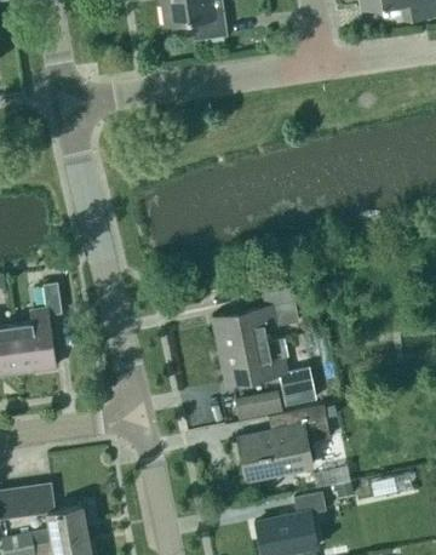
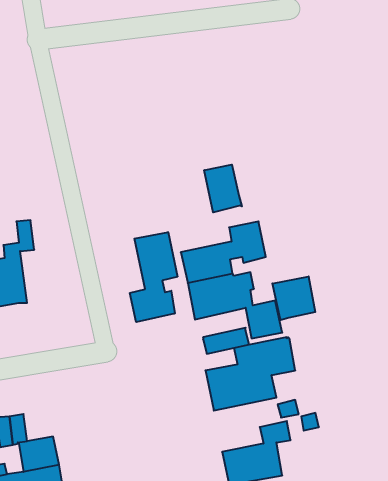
building: none -> [204,165,242,212]
building: none -> [130,232,177,322]
building: none -> [272,276,315,320]

